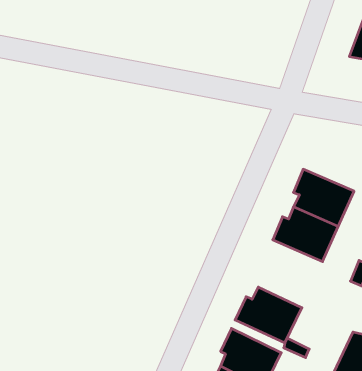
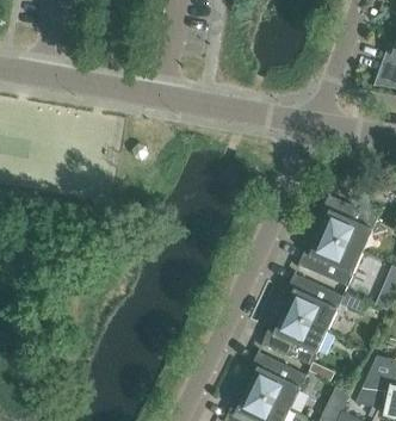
building: none -> [285,274,367,332]

